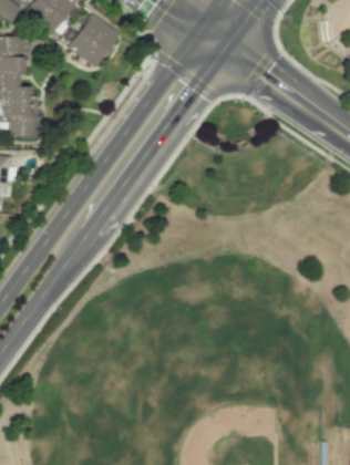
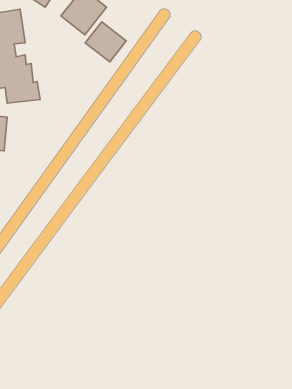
building: none -> [85,22,126,62]

